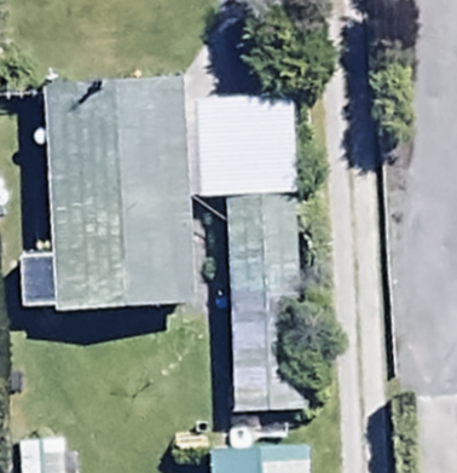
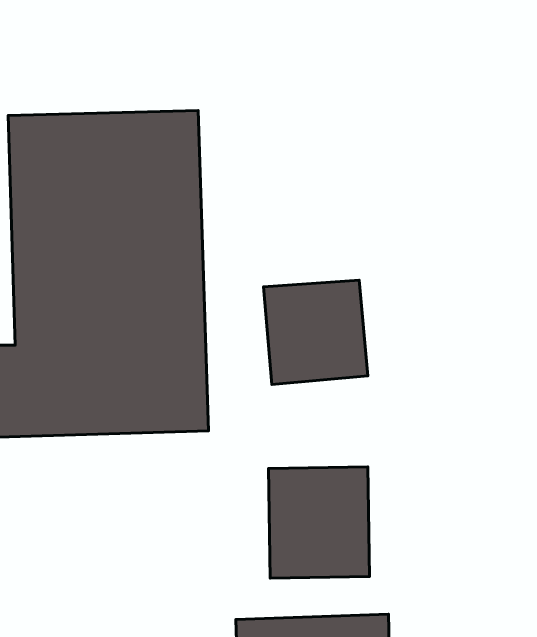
building: [198,96,296,196] -> none

